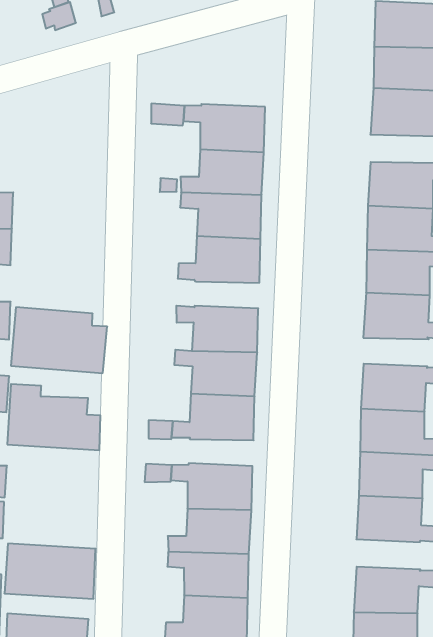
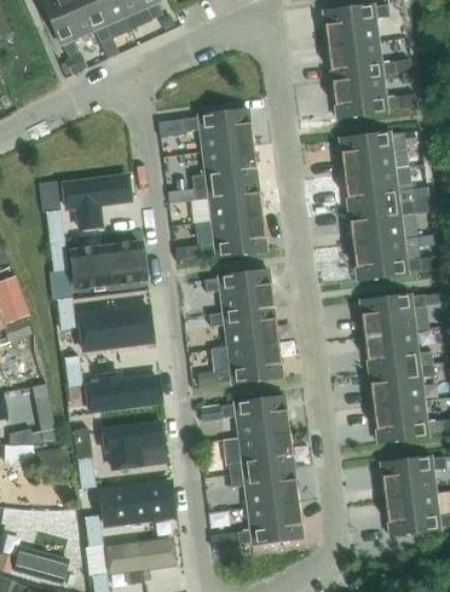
building: none -> [60,177,131,229]
building: none -> [69,235,145,287]
building: none -> [100,421,167,471]

